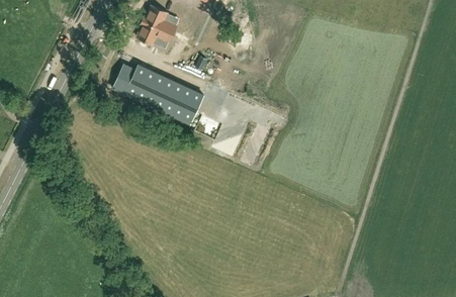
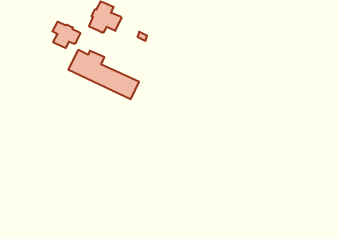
building: none -> [52,22,80,48]

